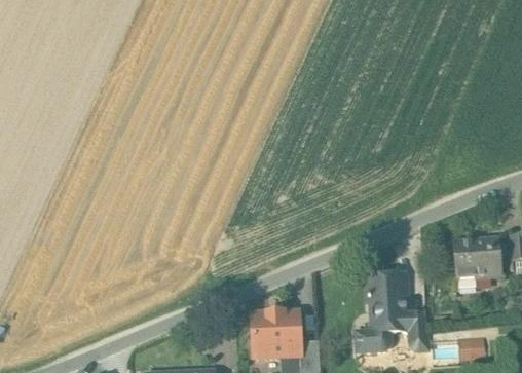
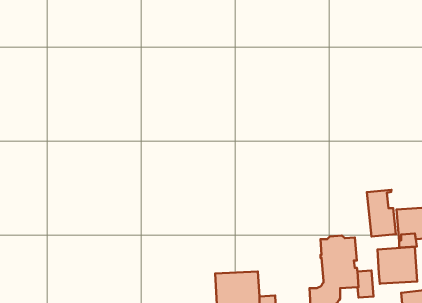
building: none -> [367,190,396,236]
building: none -> [378,247,417,284]

